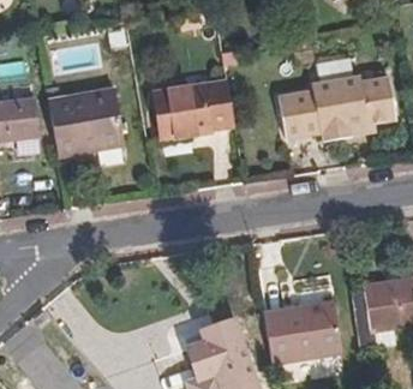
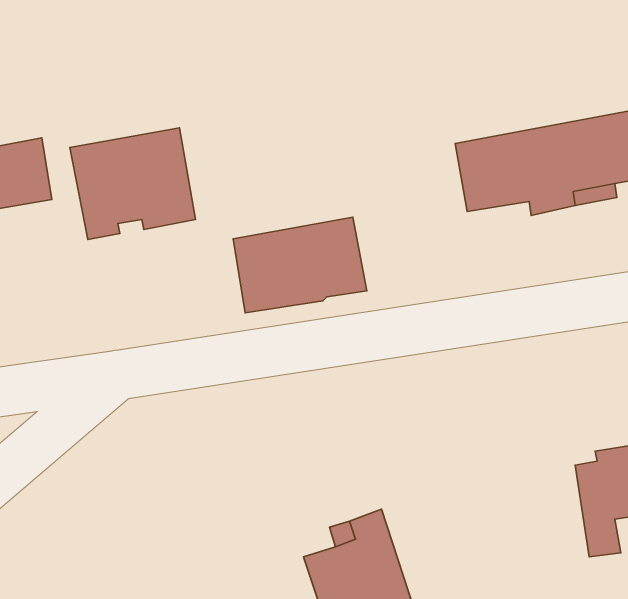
building: [155,82,235,139] -> [233,217,367,313]
building: [265,301,341,359] -> none

